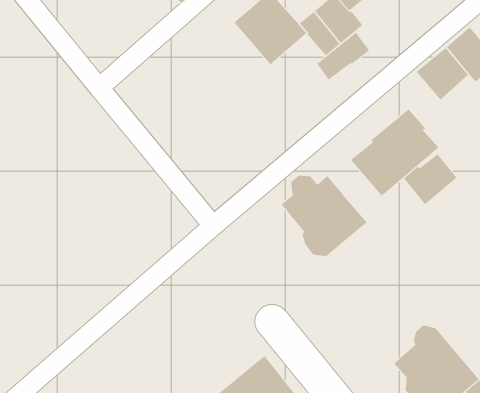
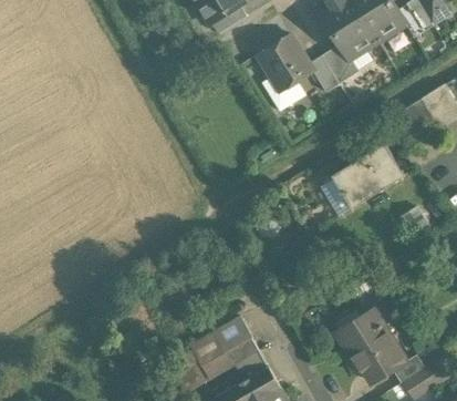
building: [316,32,370,81] -> none
building: [403,153,457,205] -> none
building: [281,175,367,257] -> none

